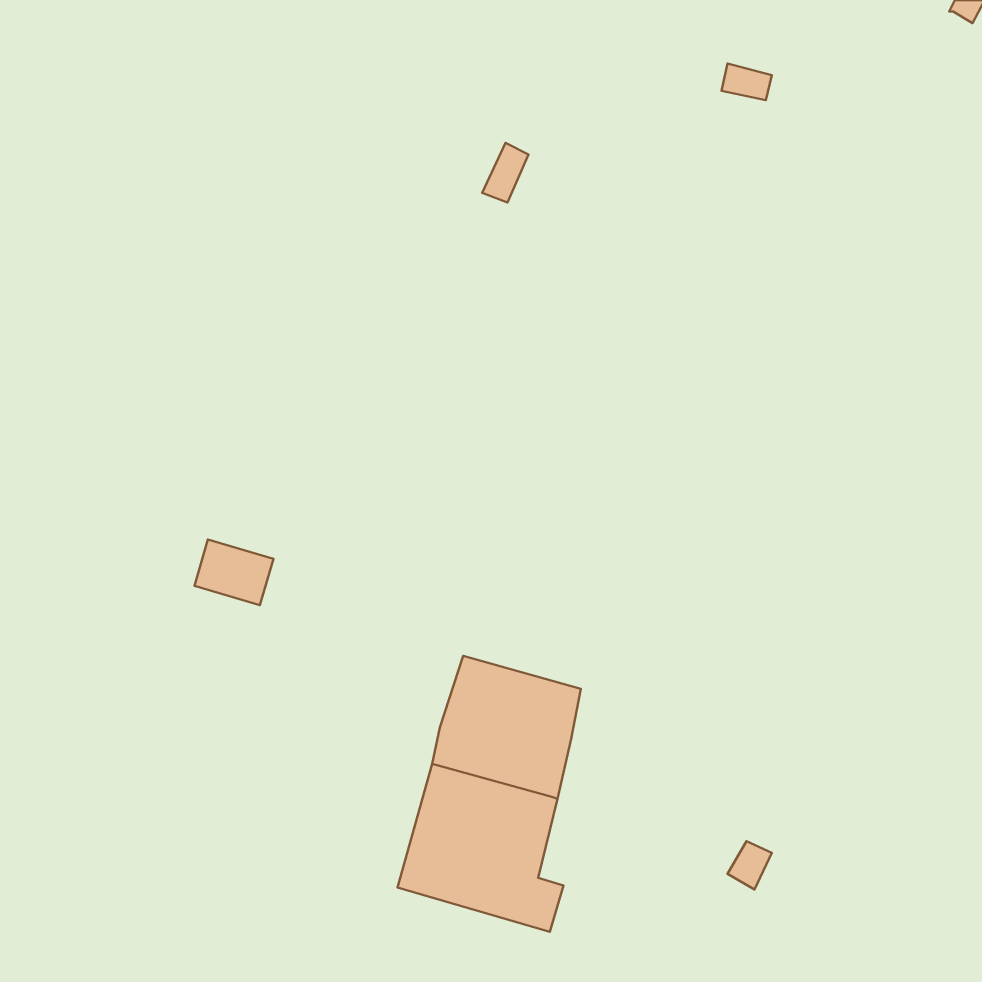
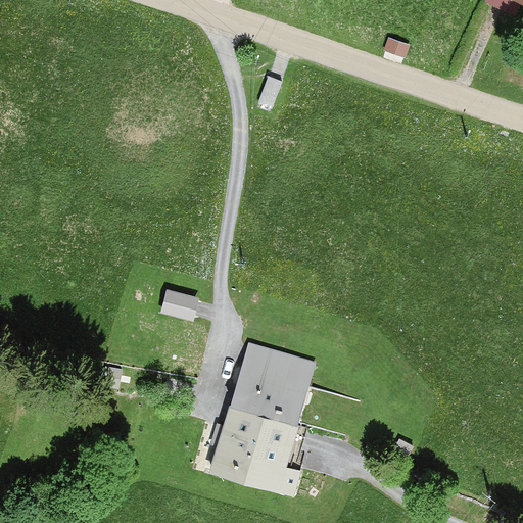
building: [194,540,273,605] -> [158,285,200,320]

